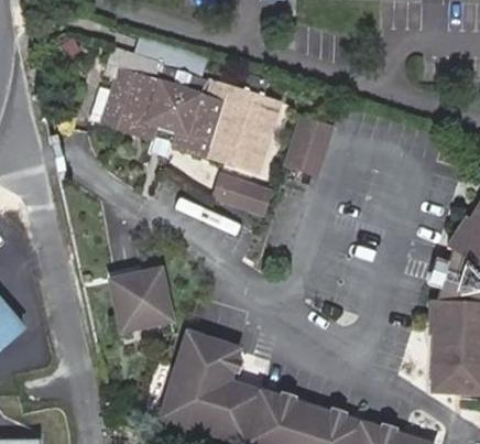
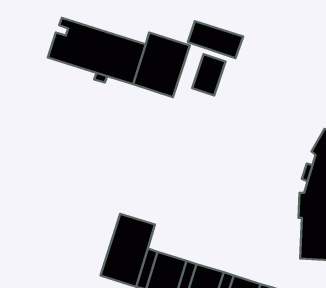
building: none -> [188,21,243,58]
building: [216,173,272,212] -> none
building: [111,269,171,328] -> none

